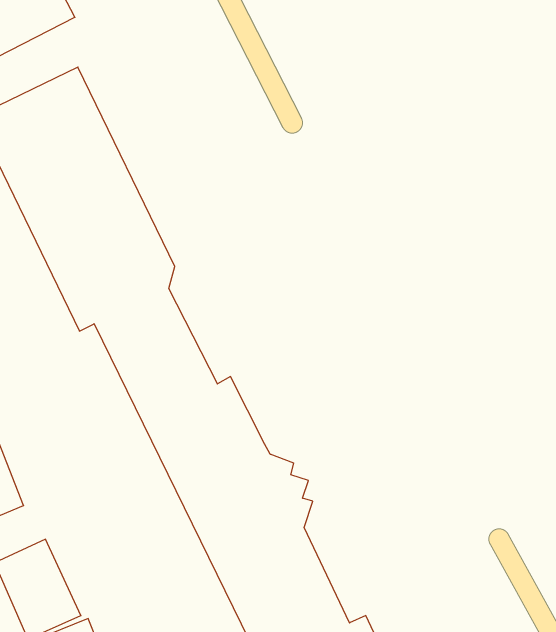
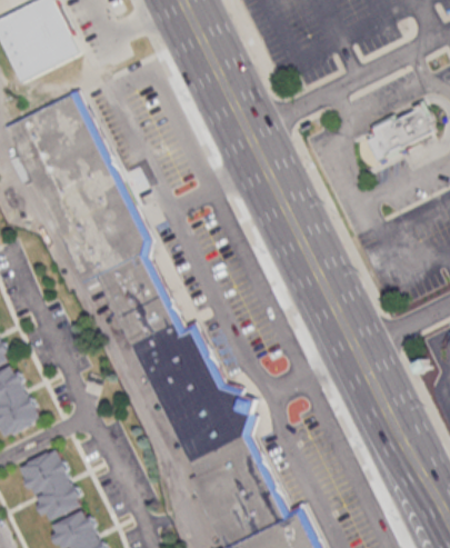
building: none -> [366,102,431,163]

